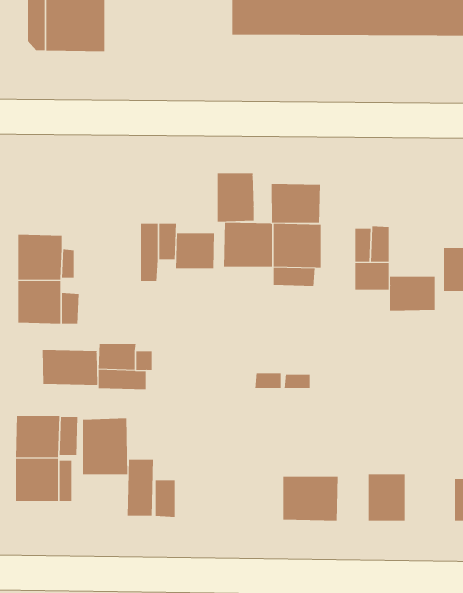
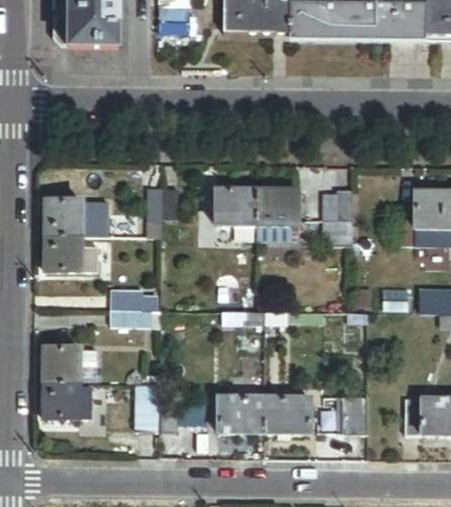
building: [217,173,254,222] -> none
building: [271,183,321,223] -> none
building: [176,233,215,269] -> none
building: [390,276,435,312] -> none
building: [42,349,98,386] -> none
building: [82,417,128,475] -> none
building: none -> [219,396,265,433]

